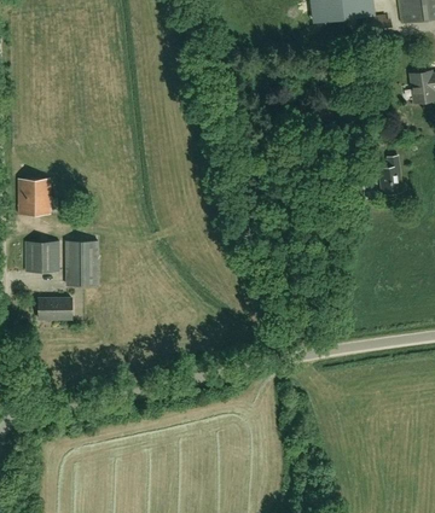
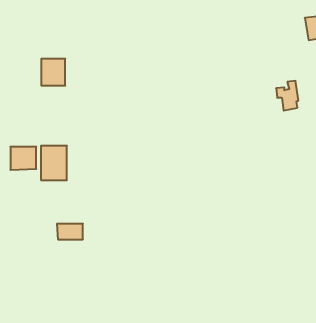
building: [18,179,50,214] -> [41,59,65,86]
building: [37,298,71,319] -> [57,224,83,239]

